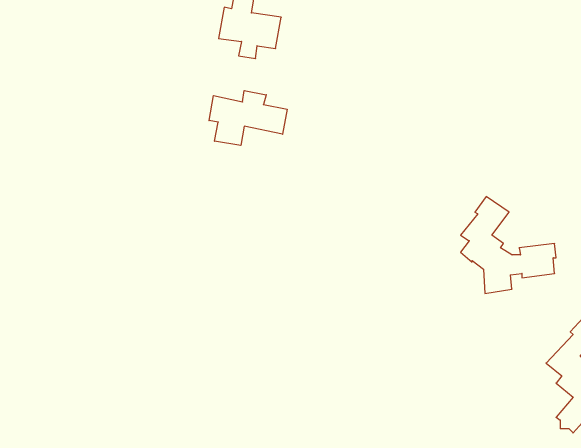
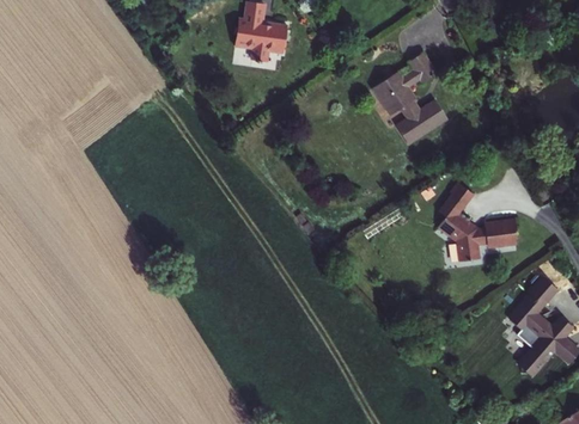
building: none -> [374,55,449,146]
building: [209,91,287,145] -> none

